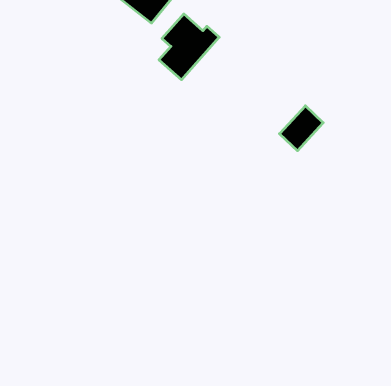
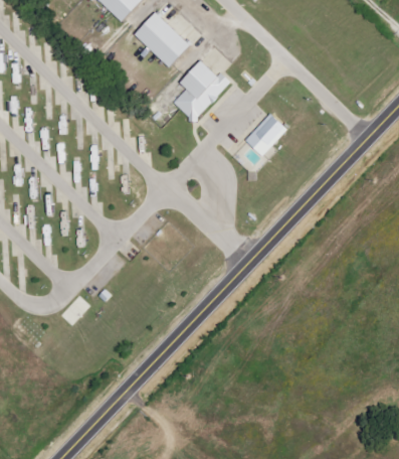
building: [279,106,323,151] -> [245,114,287,156]

